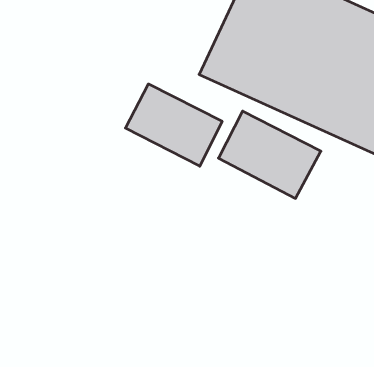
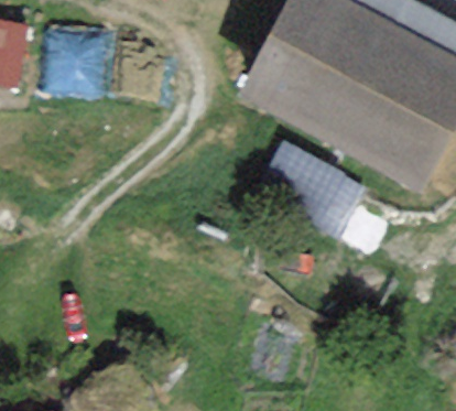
building: [125,84,222,166] -> none

